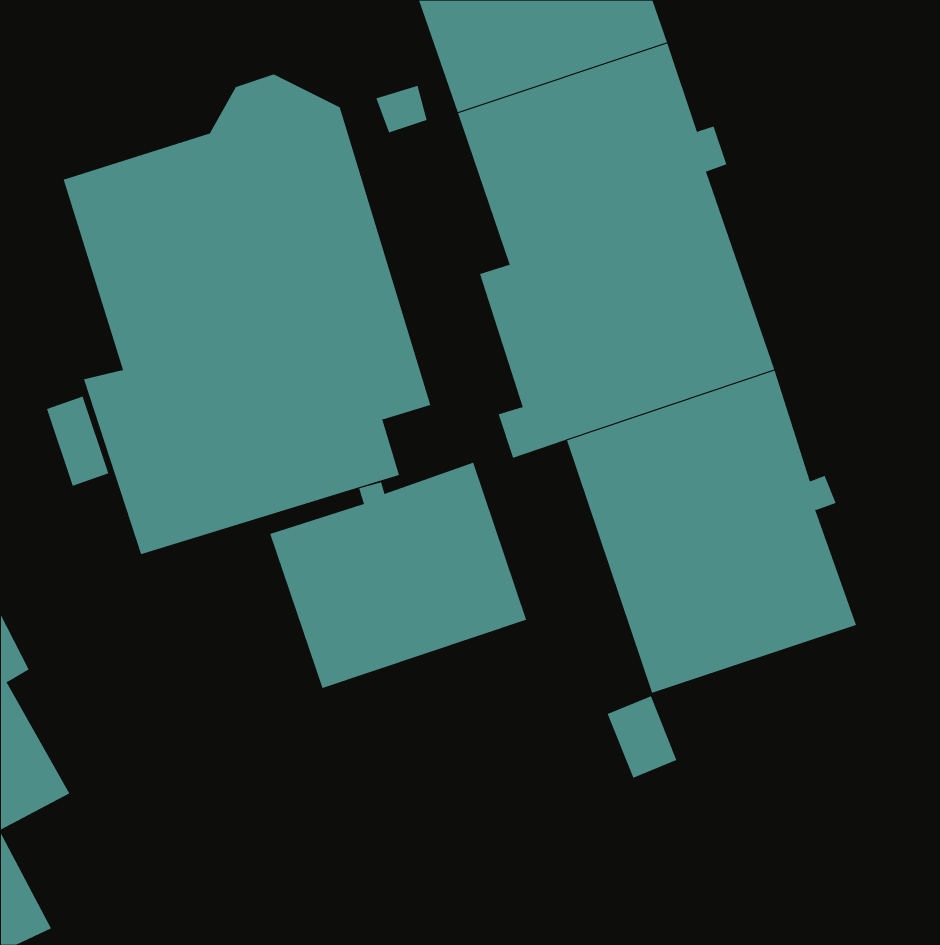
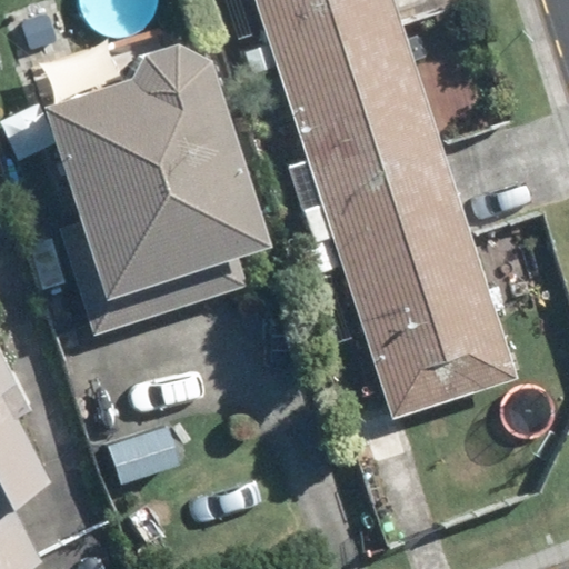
building: [270,462,527,689] -> none

